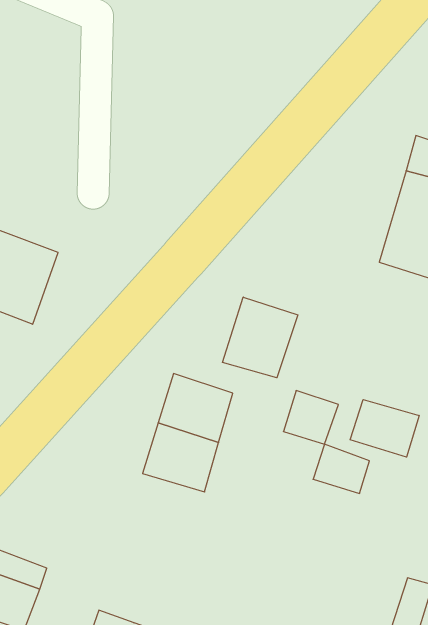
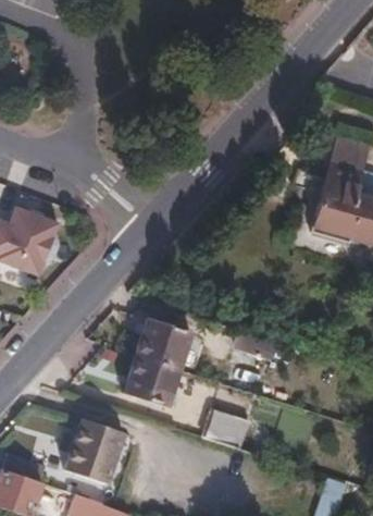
building: [222,297,298,378] -> none
building: [350,400,419,457] -> none
building: [313,444,369,493] -> [207,408,250,446]
building: none -> [66,417,125,482]

